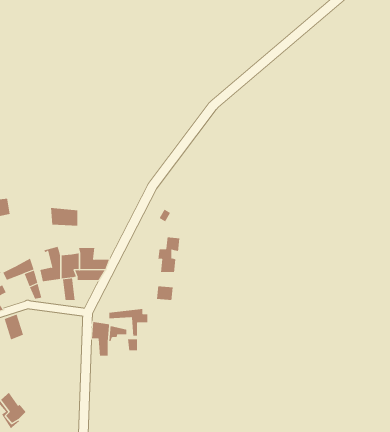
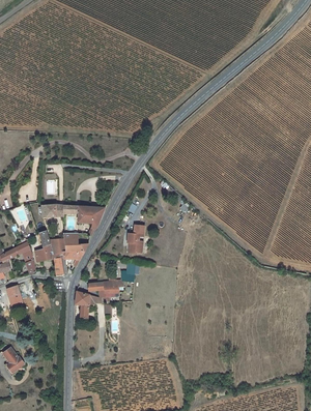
building: none -> [64,204,104,229]

